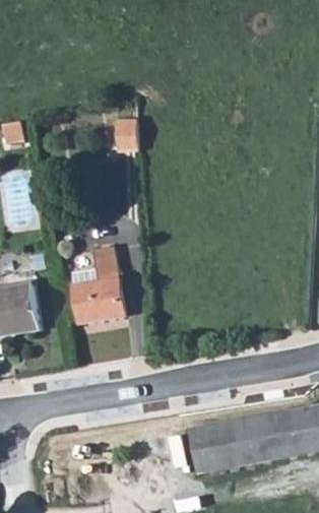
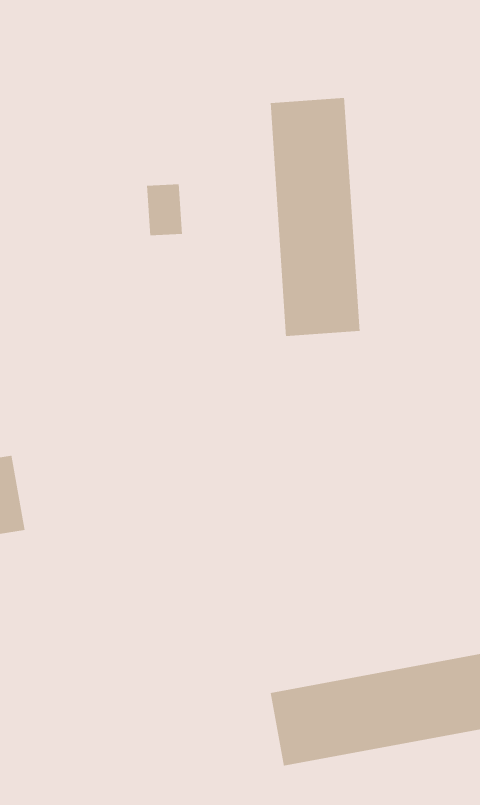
building: none -> [270,97,360,337]
building: [72,248,124,323] -> none

